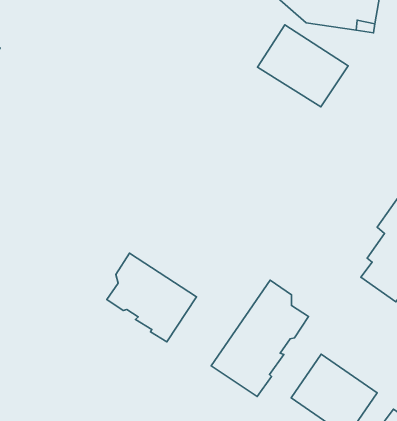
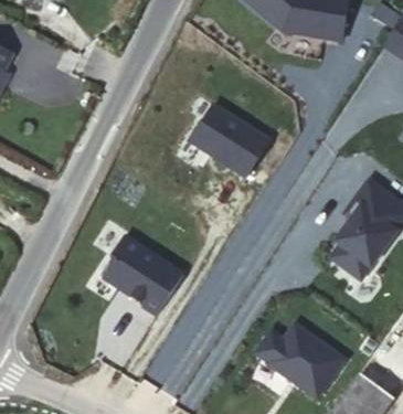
building: [257,25,348,107] -> [190,105,271,178]
building: [211,280,309,397] -> none

